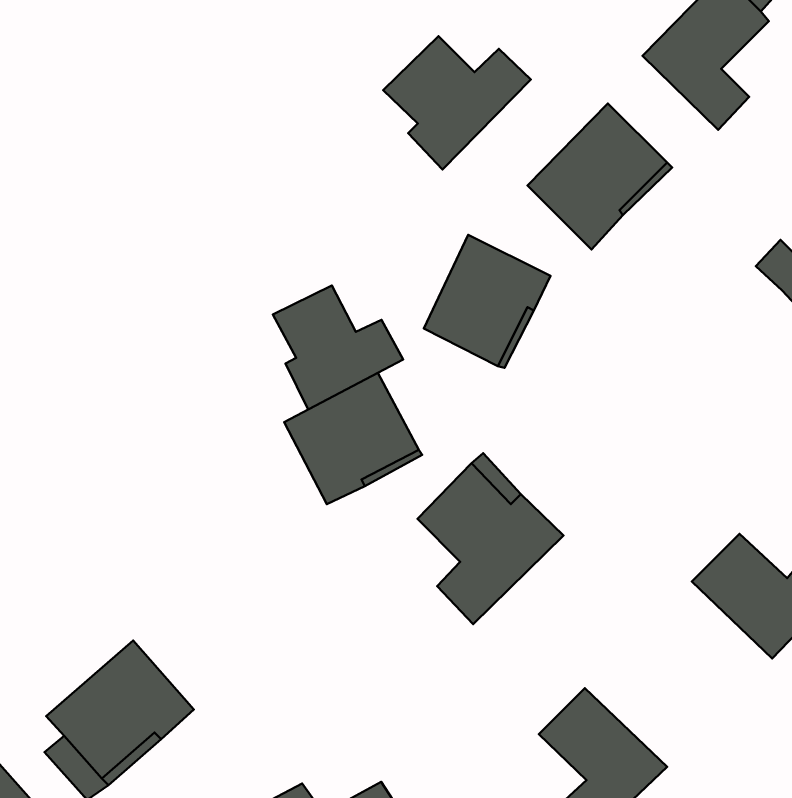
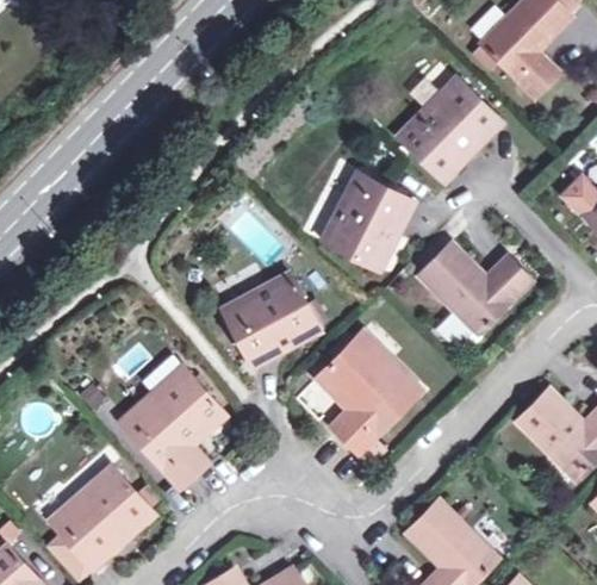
building: [383,36,531,169] -> none
building: [273,285,403,409] -> none
building: none -> [418,242,530,332]
building: none -> [119,356,224,488]

